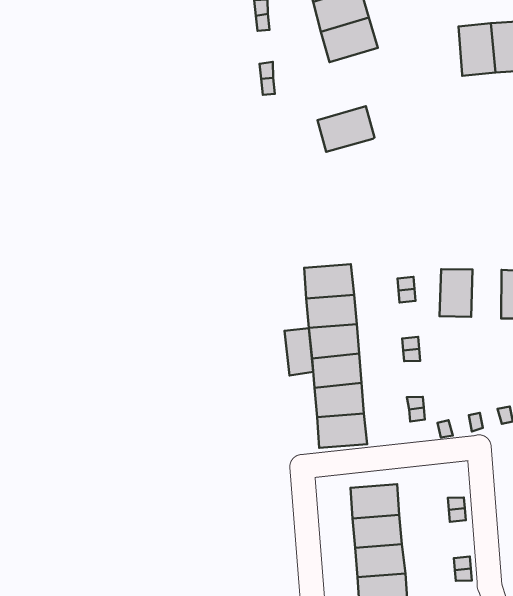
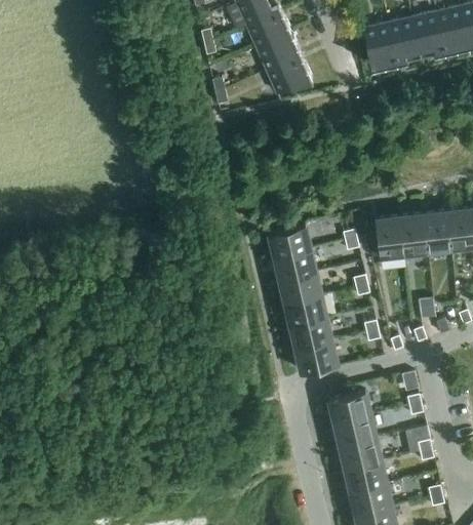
building: [318,106,374,152] -> [266,55,312,95]
building: none -> [400,214,428,254]
building: [284,328,313,375] -> none

